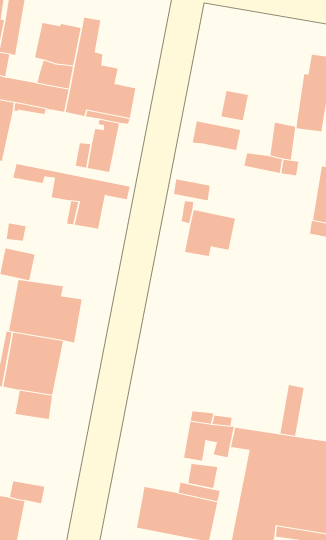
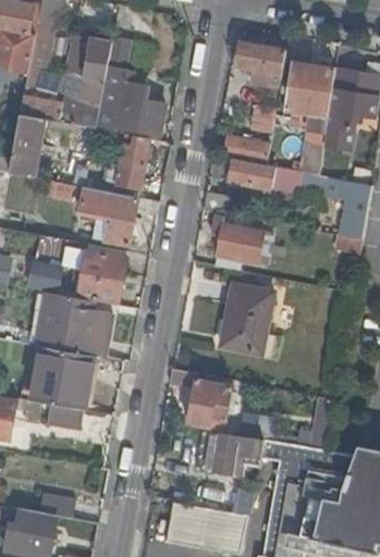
building: none -> [236,44,286,87]
building: none -> [286,63,336,134]
building: none -> [229,159,277,188]
building: none -> [77,248,128,300]
building: none -> [221,285,274,356]
building: none -> [171,369,233,430]

